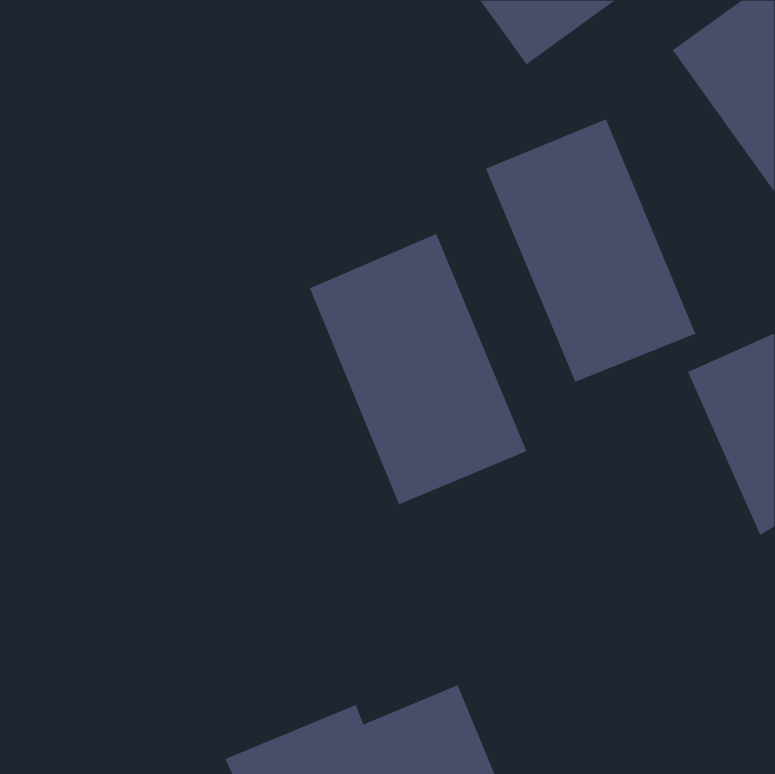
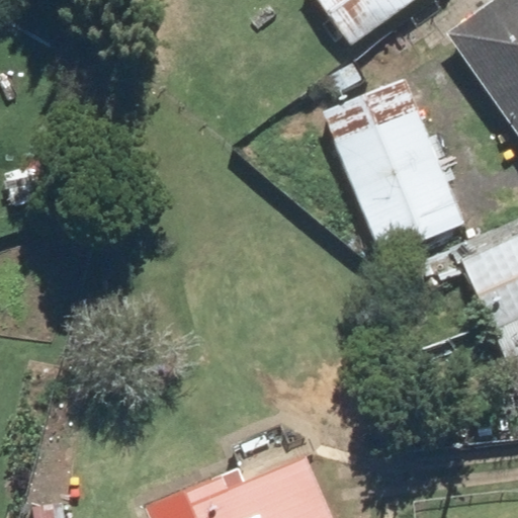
building: [309,233,527,505] -> none

